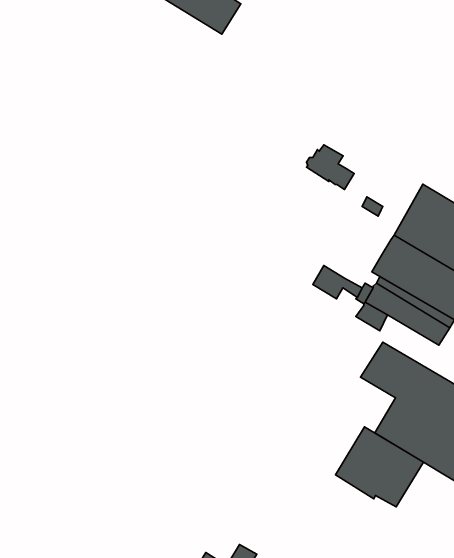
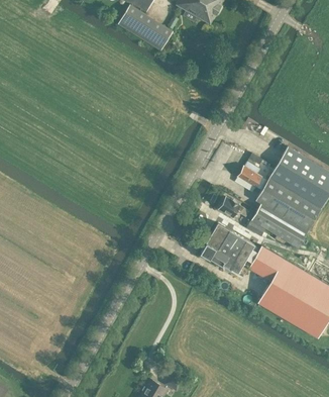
building: [306,145,354,189] -> [237,163,267,191]
building: [336,427,423,507] -> [200,223,255,274]

